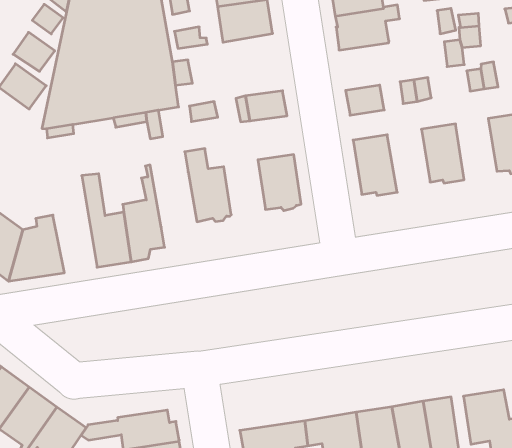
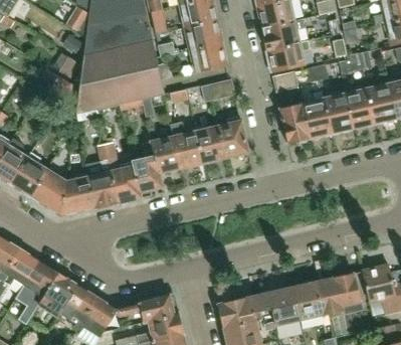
building: none -> [189,42,226,72]
building: none -> [265,40,310,73]
building: none -> [300,91,331,141]
building: none -> [345,89,374,130]
building: none -> [195,126,224,164]
building: none -> [147,134,180,174]
building: none -> [85,148,117,208]

